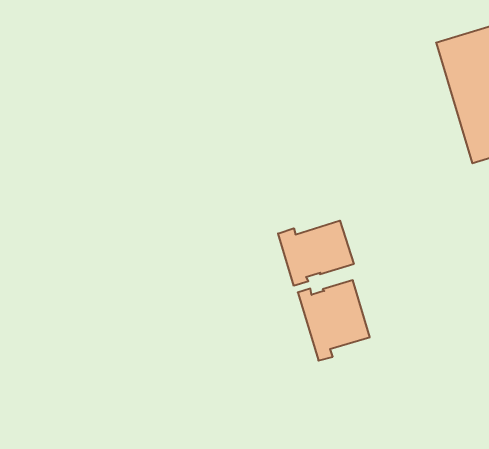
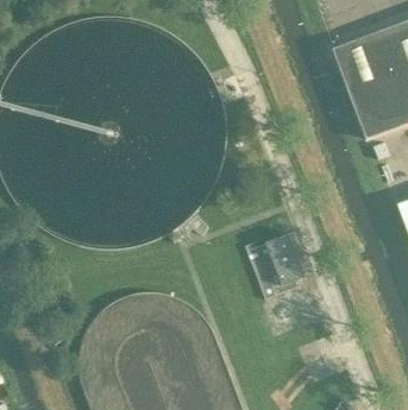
building: [278,221,354,286] -> none

